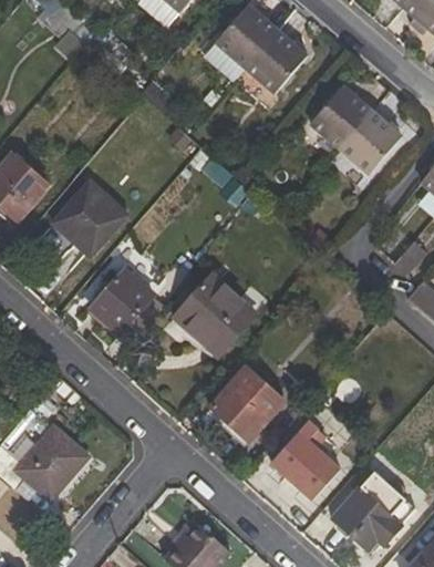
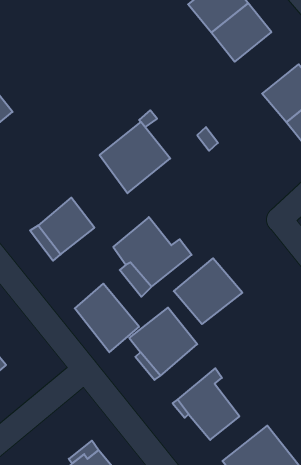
building: [52,181,127,258] -> [100,122,170,193]
building: none -> [174,258,242,324]
building: none -> [75,284,139,352]

